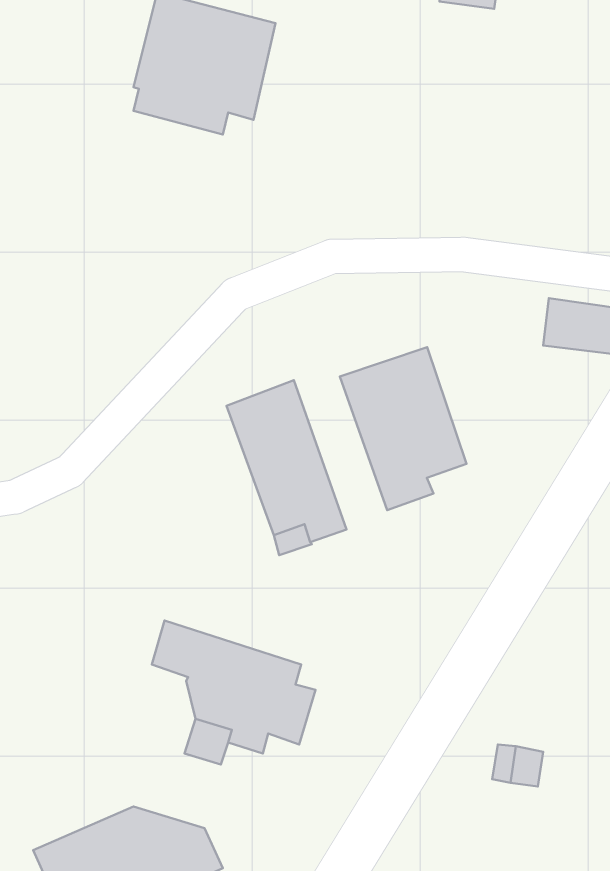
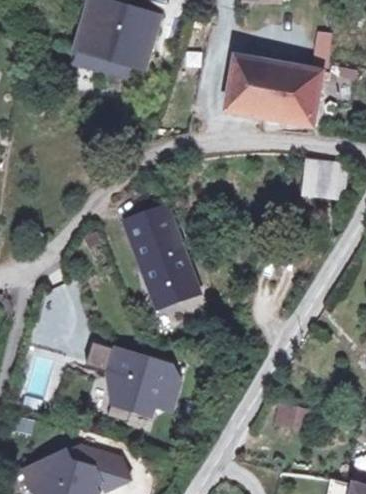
building: none -> [228,45,329,124]
building: [340,347,467,510] -> none

